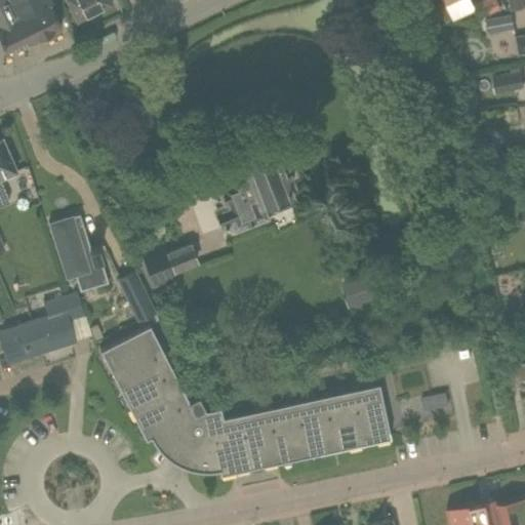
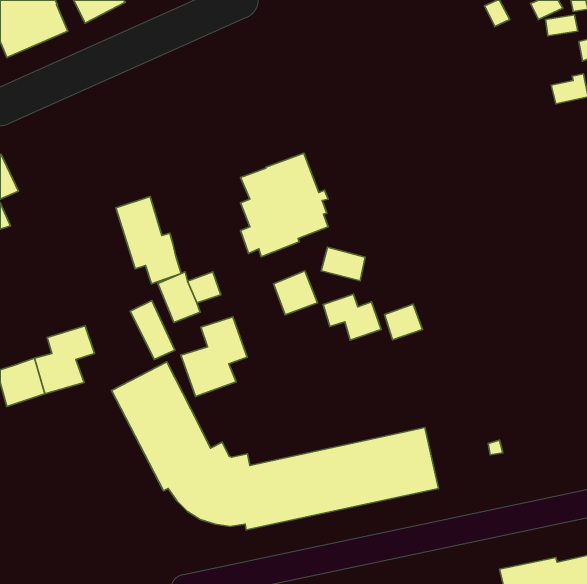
building: [49,216,108,294] -> [116,196,181,284]
building: none -> [321,247,365,281]
building: none -> [274,271,318,315]
building: none -> [323,294,381,340]
building: none -> [181,317,247,397]

